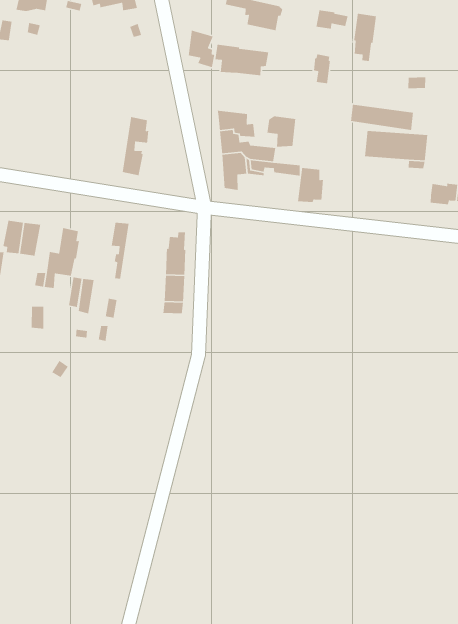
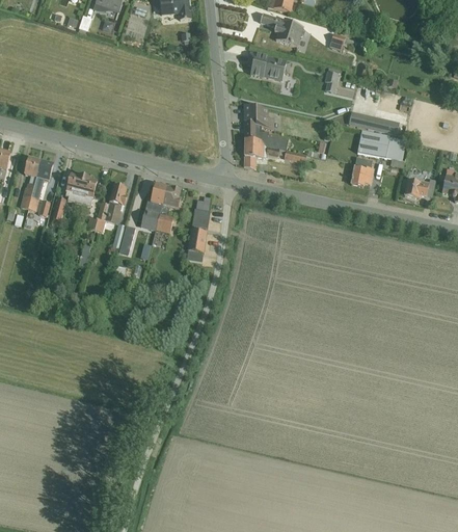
building: [353,13,377,62] -> none
building: [188,29,215,68] -> none
building: [266,115,296,147] -> none
building: [122,116,149,176] -> [155,186,180,234]
building: [297,167,324,203] -> [350,157,373,186]

